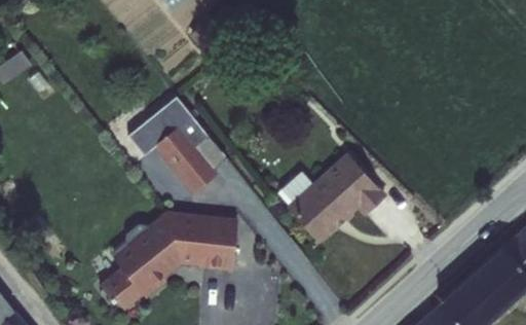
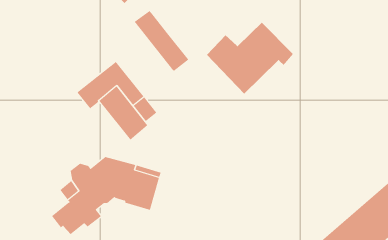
building: none -> [134,10,189,72]
building: [279,155,386,244] -> [206,22,294,94]

